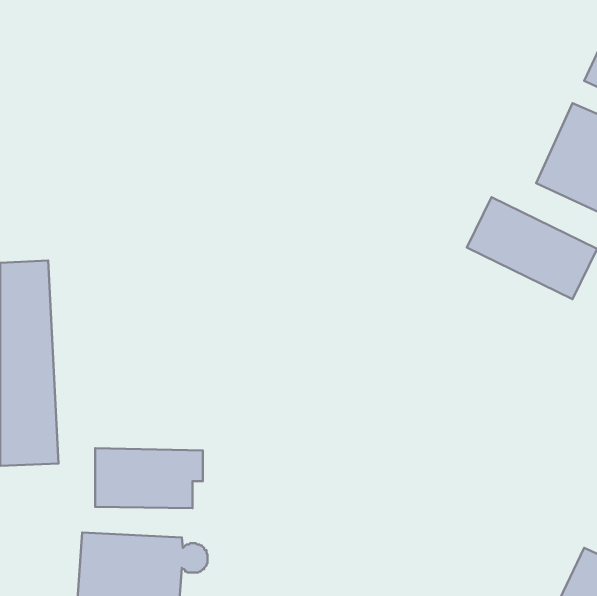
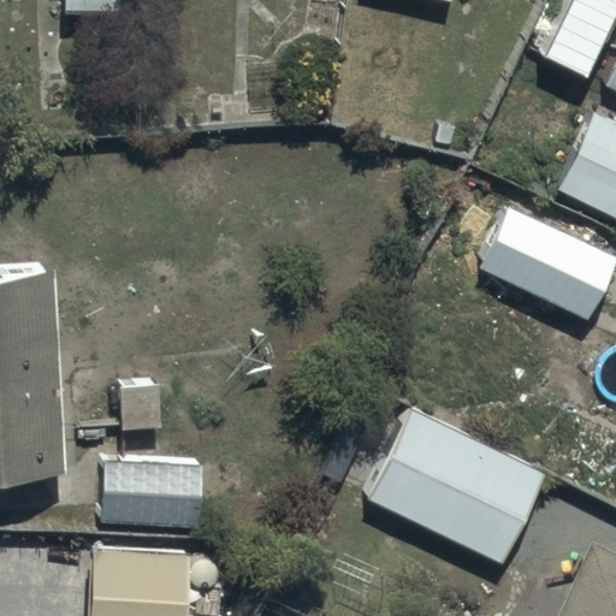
building: none -> [363,405,547,565]

